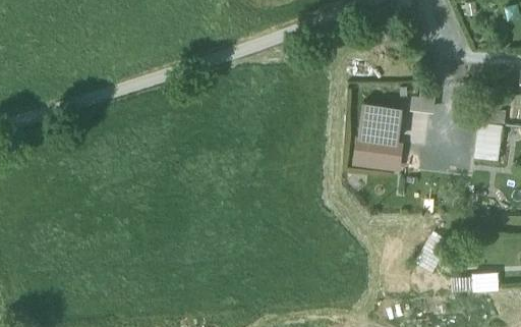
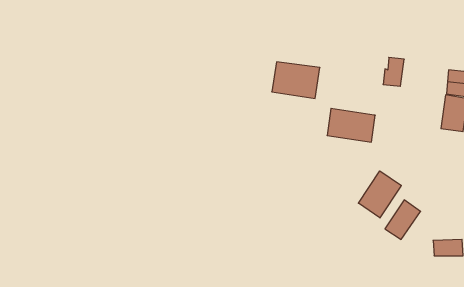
building: [357,103,408,142] -> [272,62,320,98]
building: none -> [358,171,401,218]

